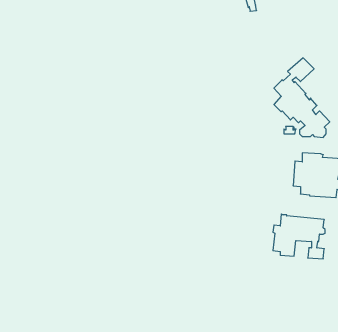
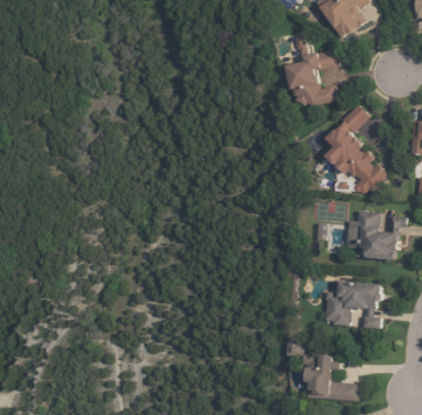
building: none -> [286,48,339,105]
building: none -> [303,353,359,401]

